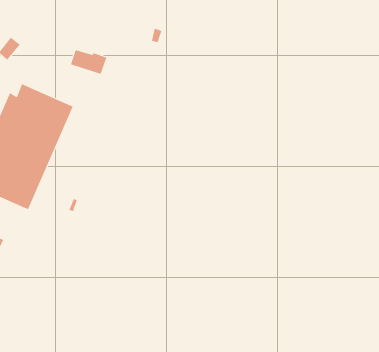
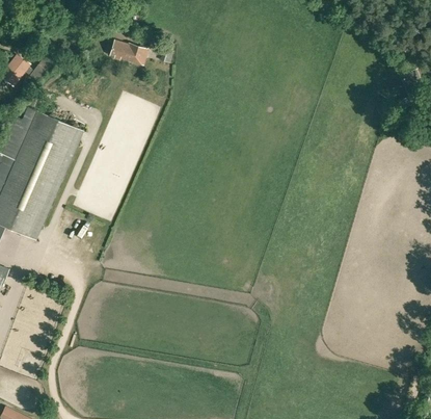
building: [70,49,107,74] -> [110,41,149,67]

